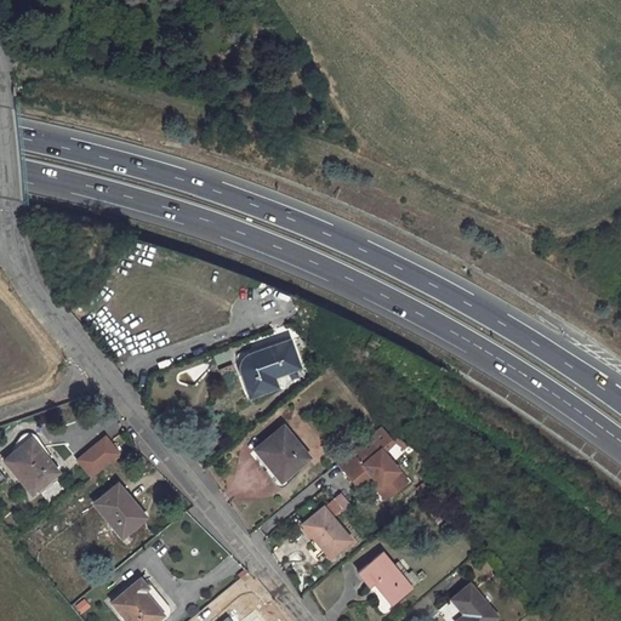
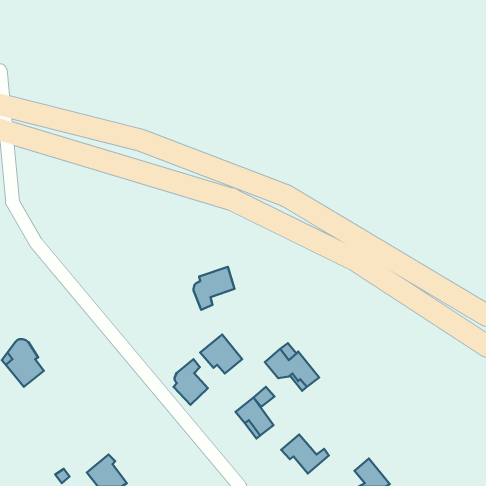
building: [79,438,120,478] -> none
building: none -> [174,359,208,405]
building: [95,488,146,539] -> none

